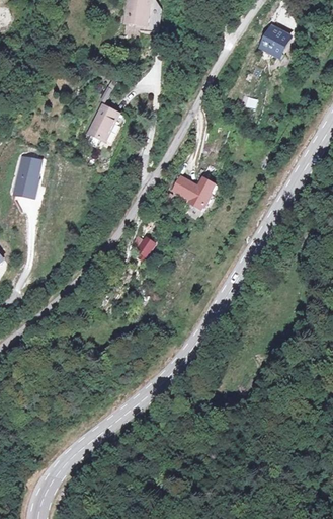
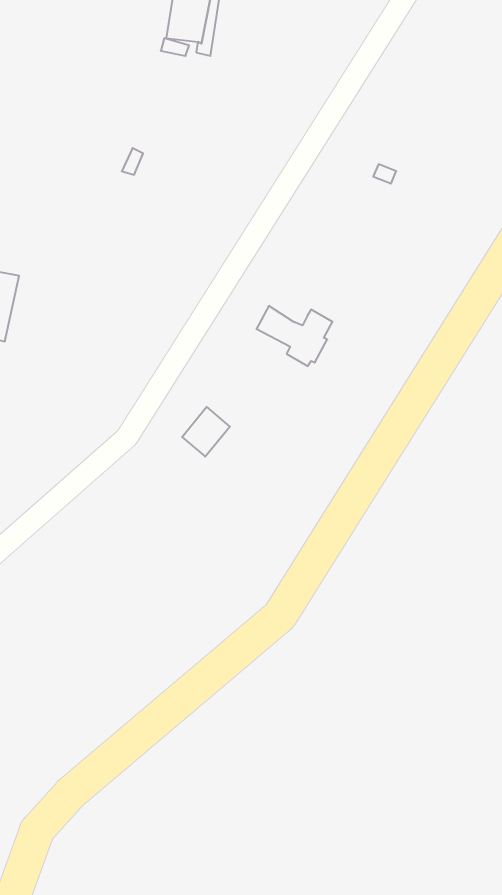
building: [258,28,286,55] -> none
building: [86,104,122,143] -> none

